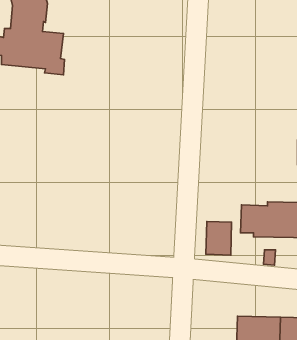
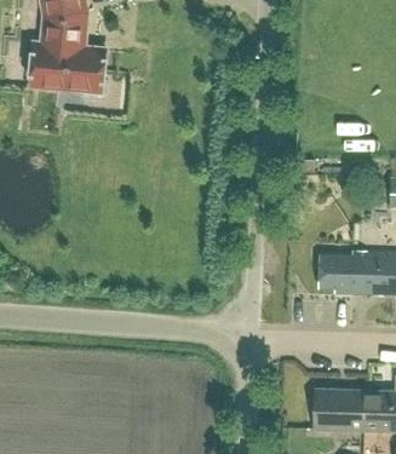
building: [206,222,232,255] -> none

